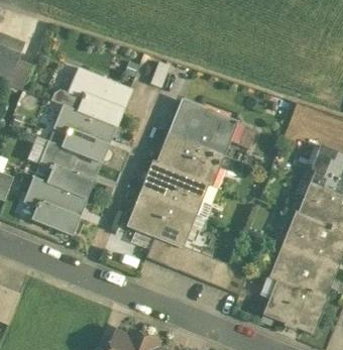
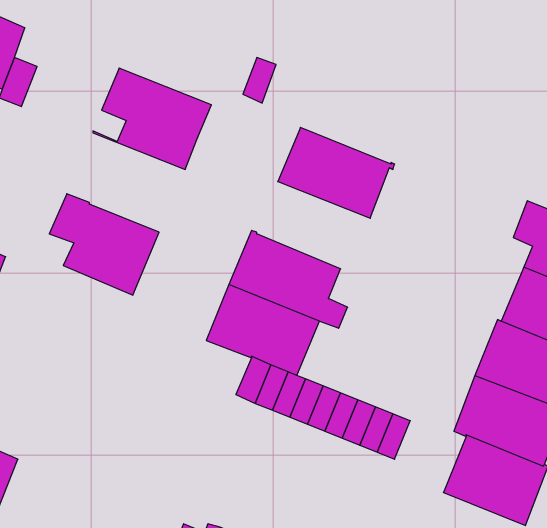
building: [52,105,116,162] -> none
building: [157,133,223,186] -> none
building: [23,177,86,234] -> none

